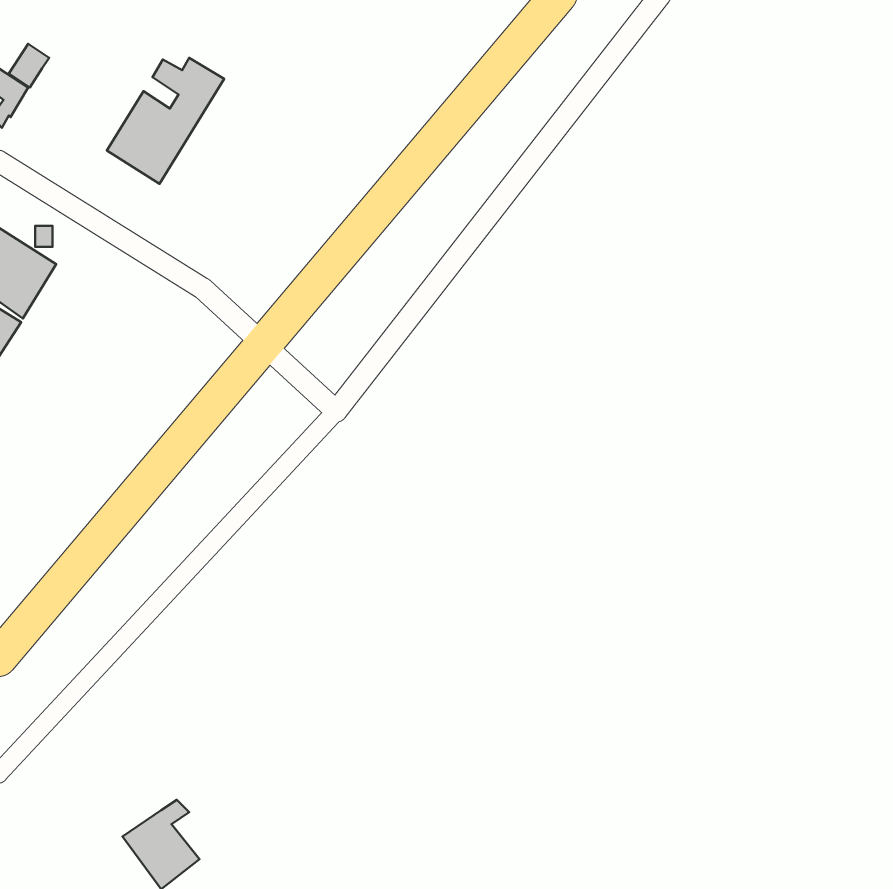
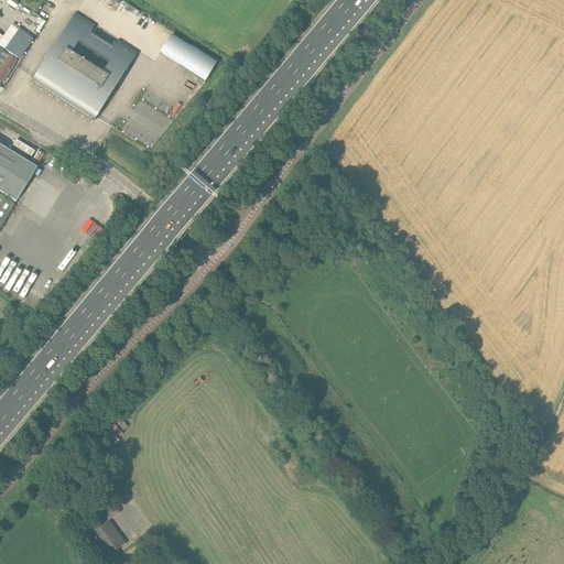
building: none -> [34,10,102,95]
building: none -> [160,31,217,79]

